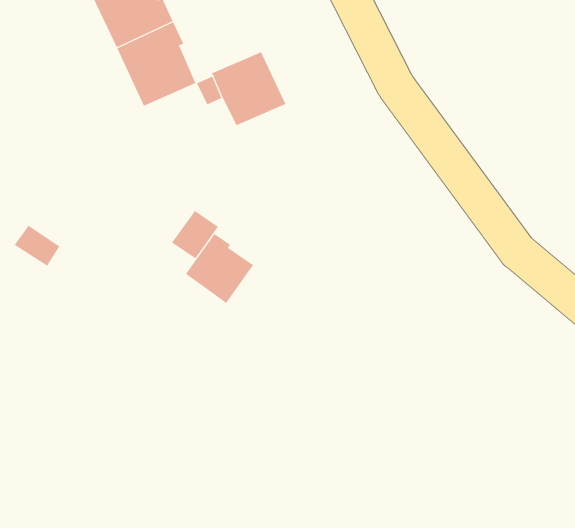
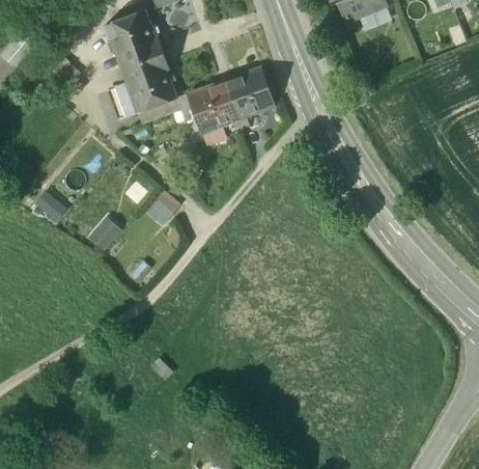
building: none -> [225,68,276,121]
building: [185,233,254,304] -> none
building: none -> [88,218,122,253]

